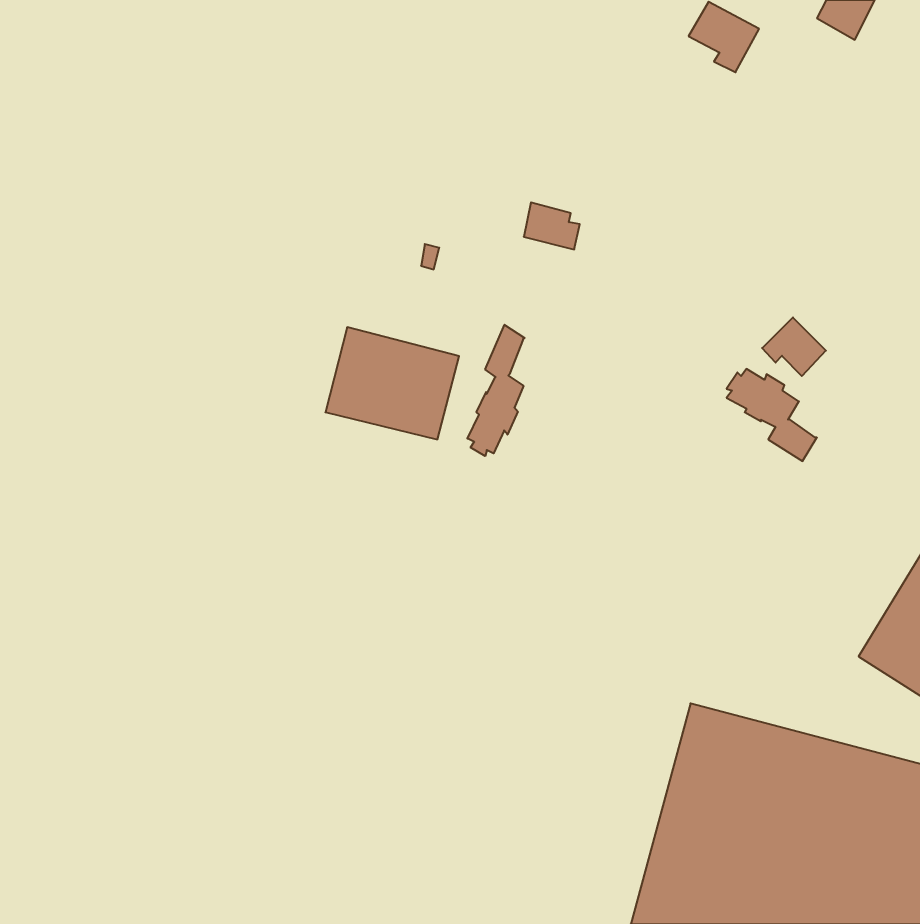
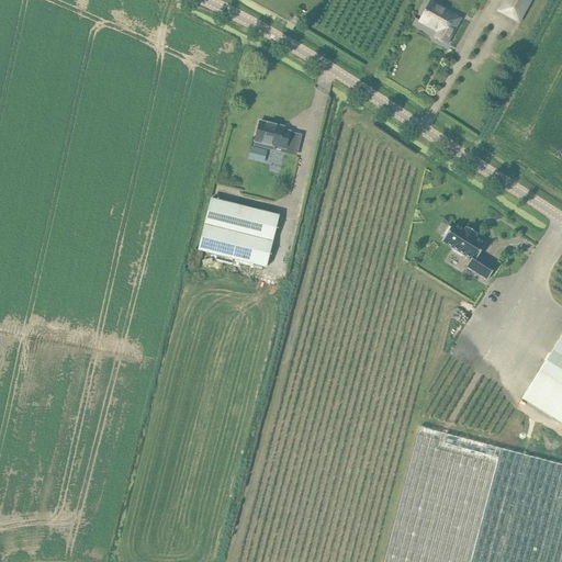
building: [524,202,580,249] -> [257,121,291,149]
building: [762,317,826,376] -> none
building: [467,325,525,456] -> none

